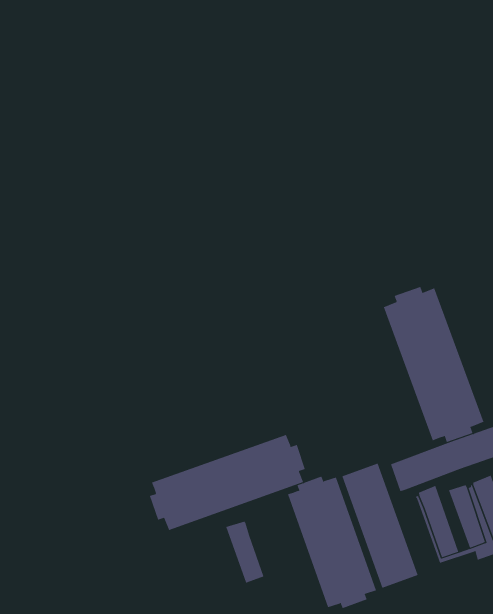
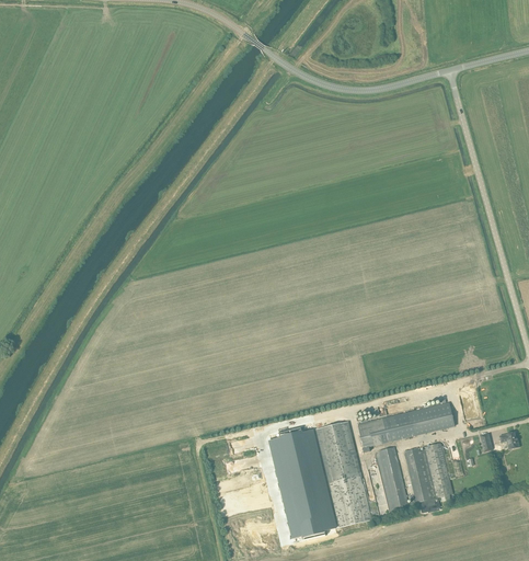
building: [383,286,484,443] -> none
building: [149,434,306,531] -> none
building: [226,521,264,584] -> none

